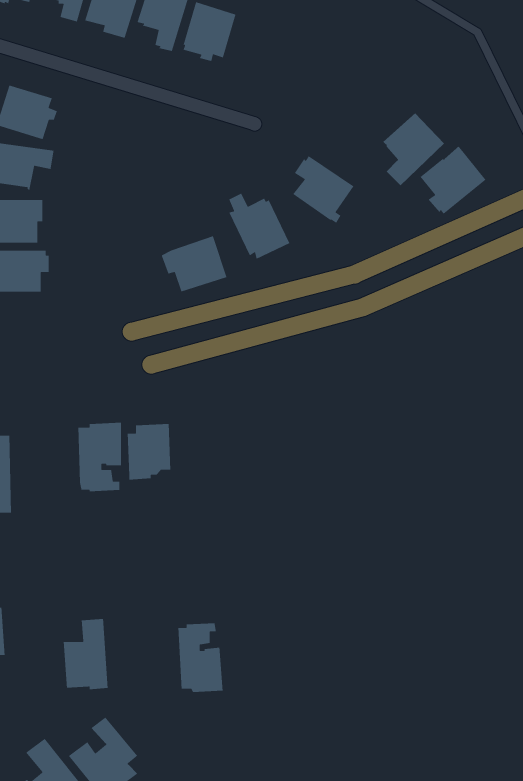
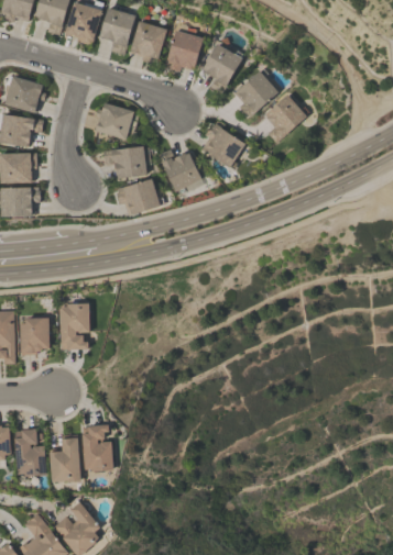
building: none -> [164,29,203,71]
building: none -> [204,43,243,93]
building: none -> [95,102,137,140]
building: [419,146,487,214] -> [233,70,279,116]
building: none -> [102,145,146,178]
building: [127,423,171,480] -> [20,317,50,355]
building: none -> [14,429,46,476]
building: [178,622,224,693] -> [83,424,113,471]

